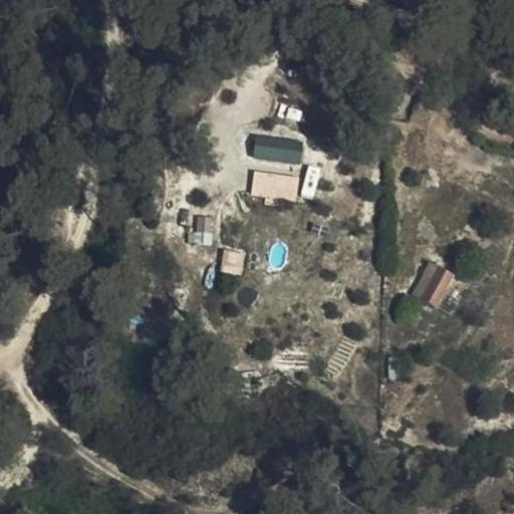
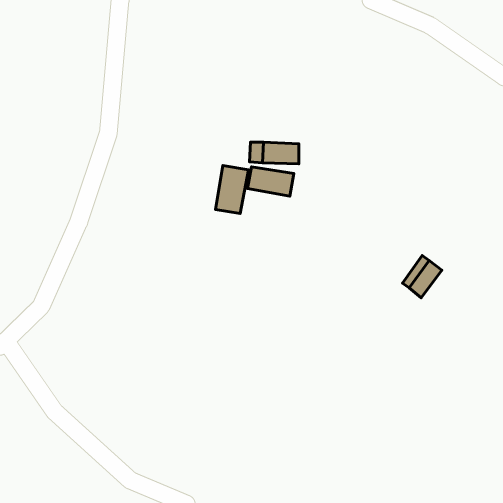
building: none -> [216,165,248,214]

